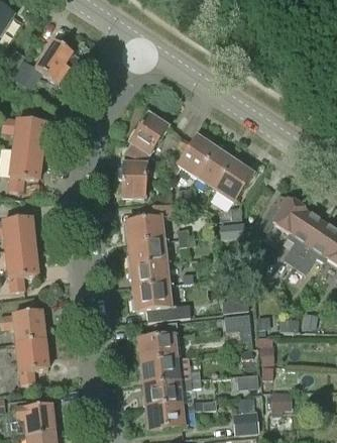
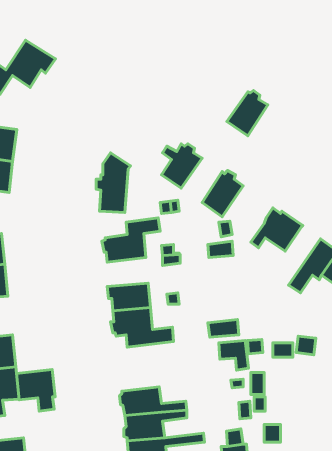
building: [129,115,168,156] -> none
building: [196,148,233,190] -> [227,91,268,136]
building: [283,212,323,265] -> none
building: [127,240,165,266] -> none
building: [139,321,180,362] -> none
building: none -> [16,370,55,411]

